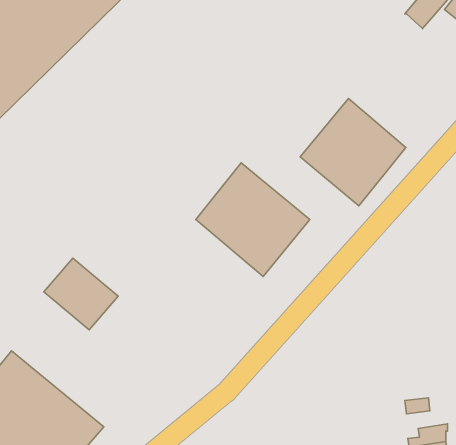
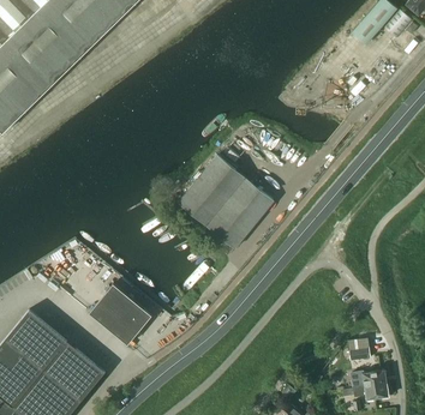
building: [300,98,406,206] -> none
building: [44,258,118,330] -> [90,283,151,342]

